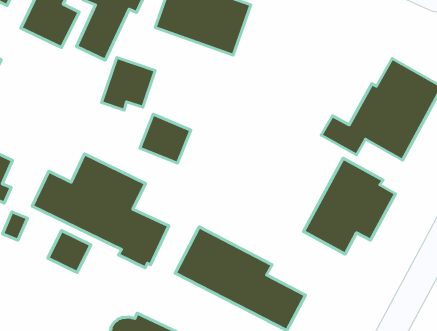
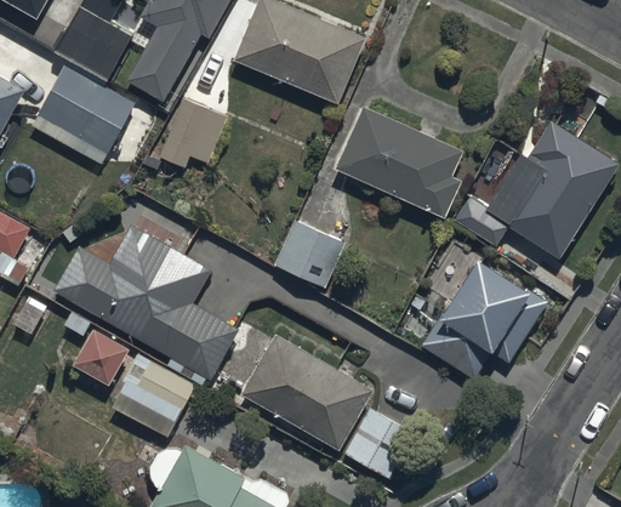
building: none -> [35,67,135,159]
building: none -> [334,104,463,218]
building: [140,114,191,163] -> [274,221,344,289]
building: none -> [110,358,193,438]

